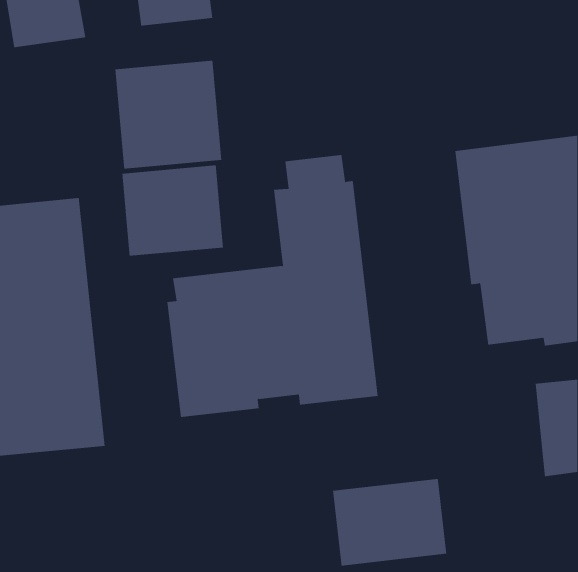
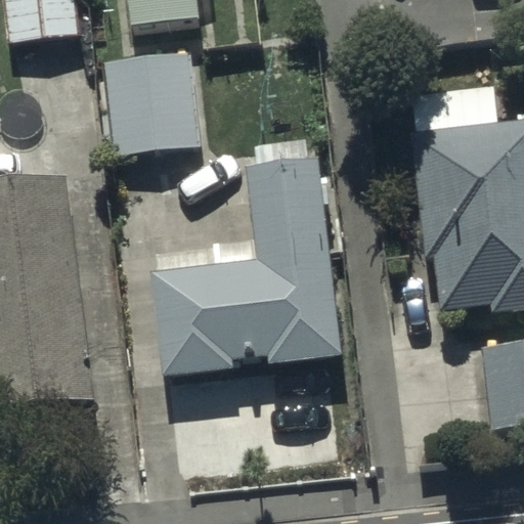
building: [122,165,224,257] -> none
building: [332,478,447,566] -> none

